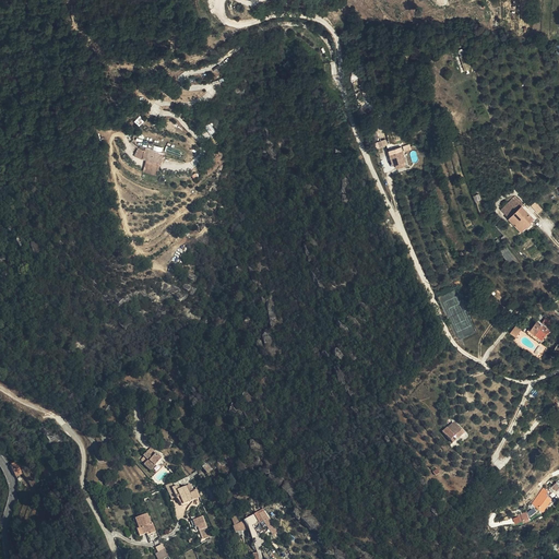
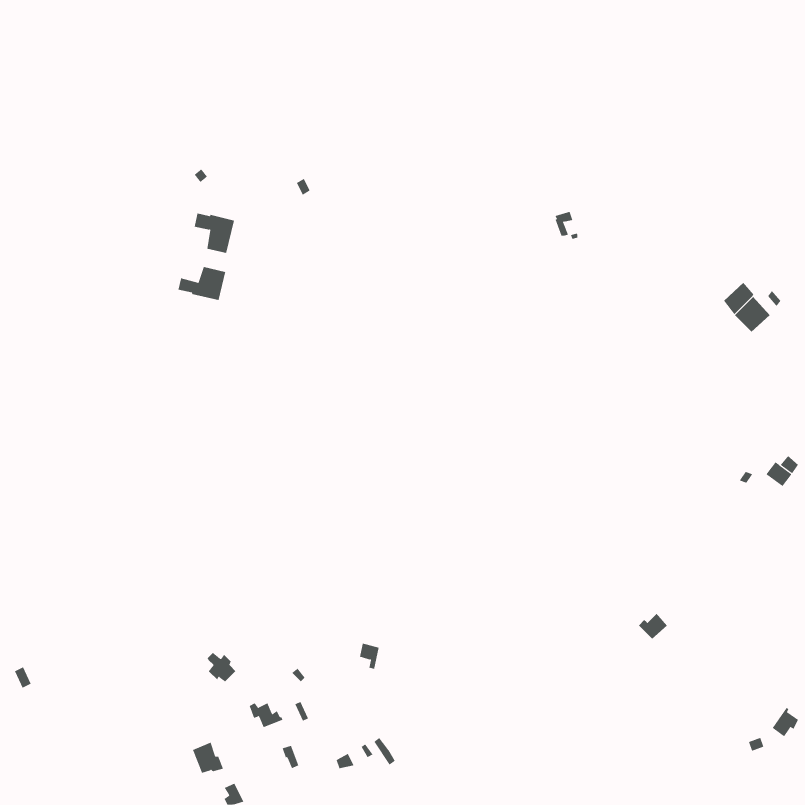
building: none -> [178,266,226,301]

